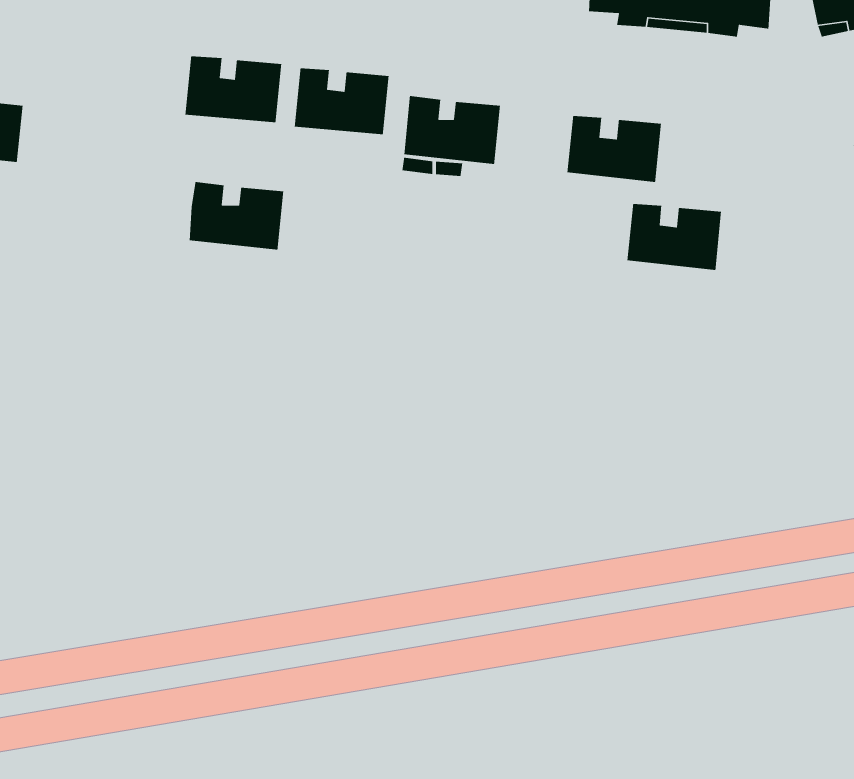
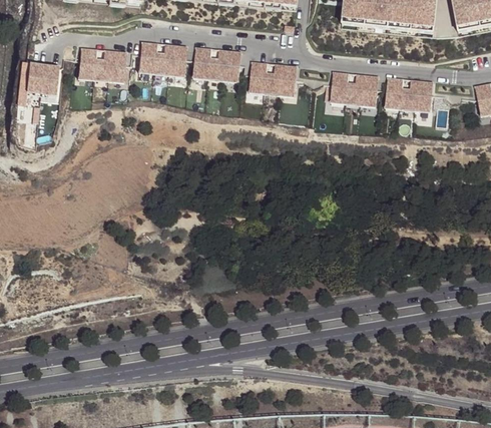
building: [189,181,284,251] -> [77,47,125,82]
building: [627,203,722,271] -> [385,77,433,111]

